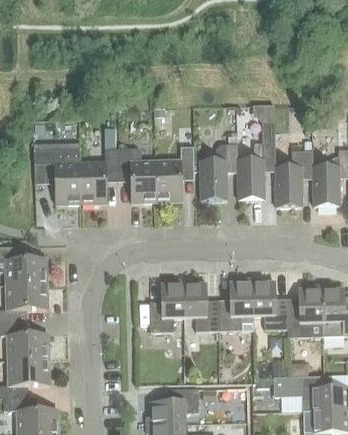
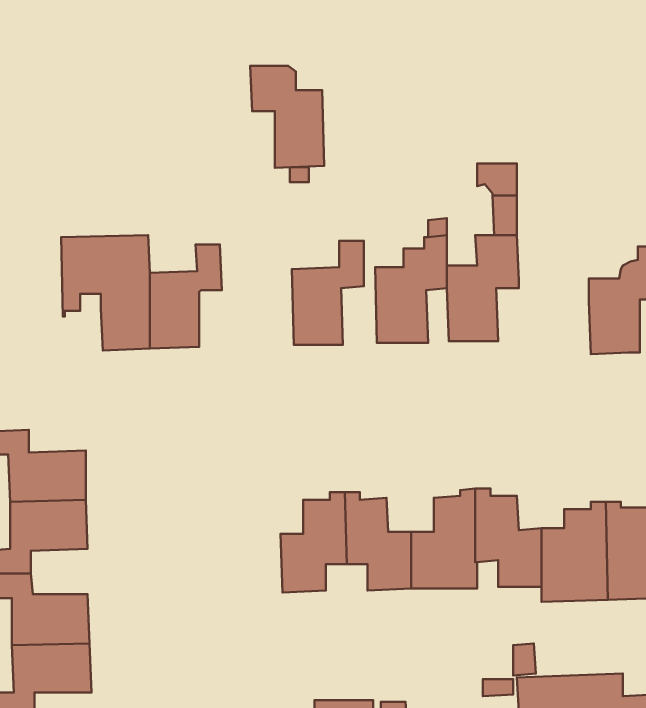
building: [117,148,156,202] -> [250,66,324,168]
building: [275,150,313,207] -> none

